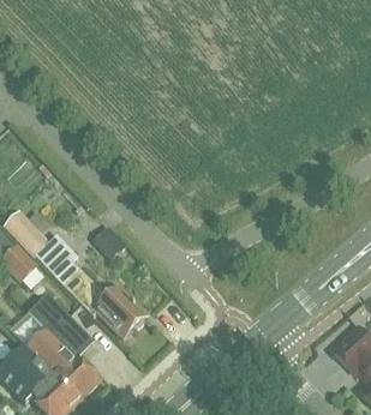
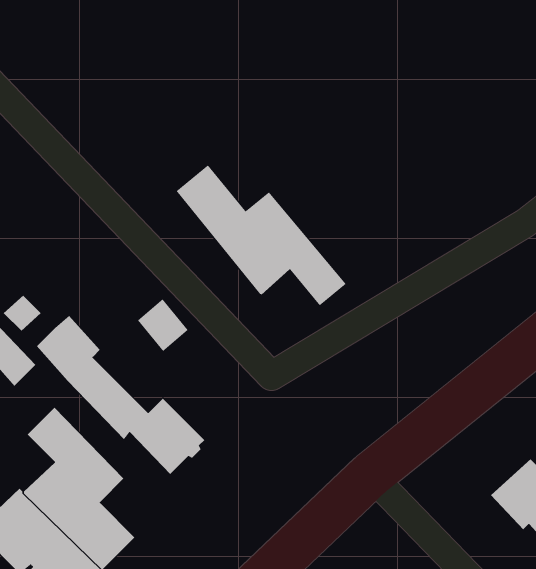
building: none -> [176,165,347,306]

